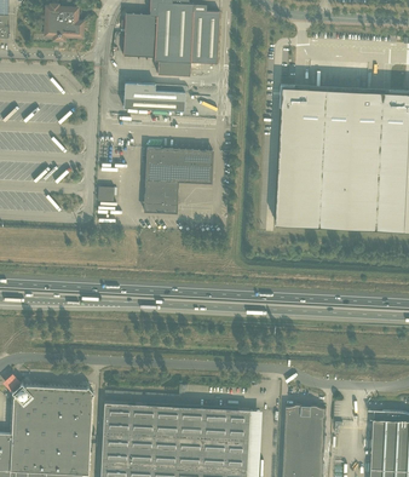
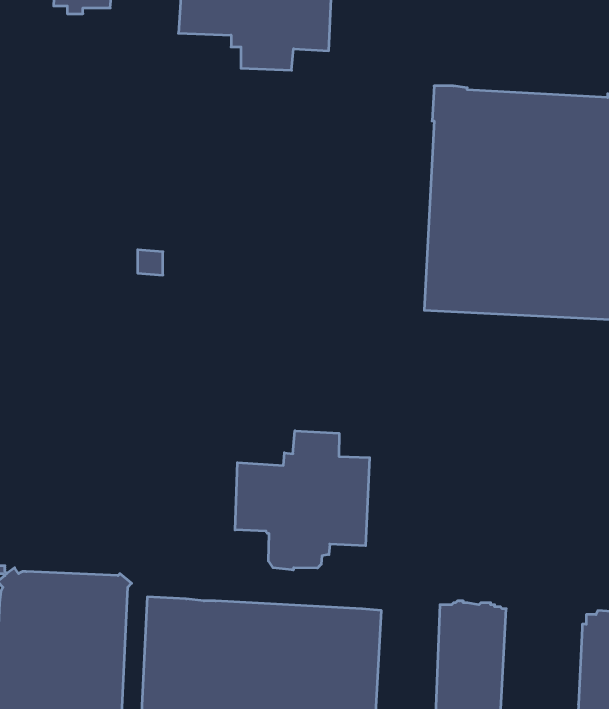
building: [123,84,189,111] -> none
building: [143,148,213,215] -> none
building: none -> [235,431,370,570]

